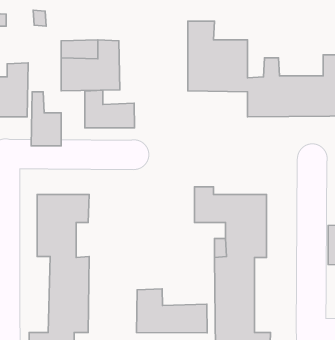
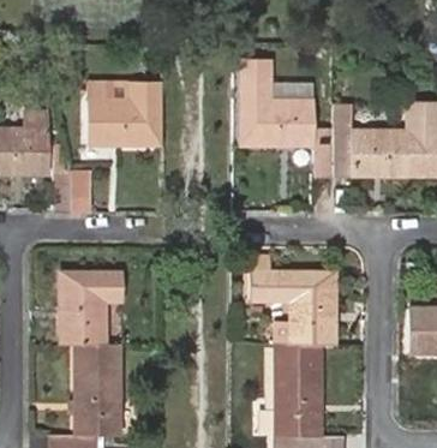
building: [85,90,135,128] -> none
building: [137,289,207,333] -> none

